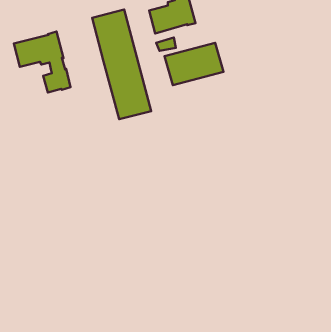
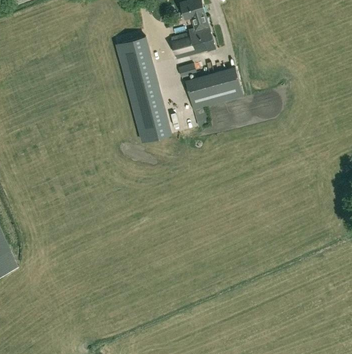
building: [14,31,70,93] -> none

